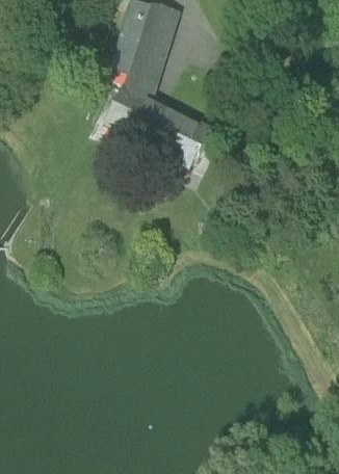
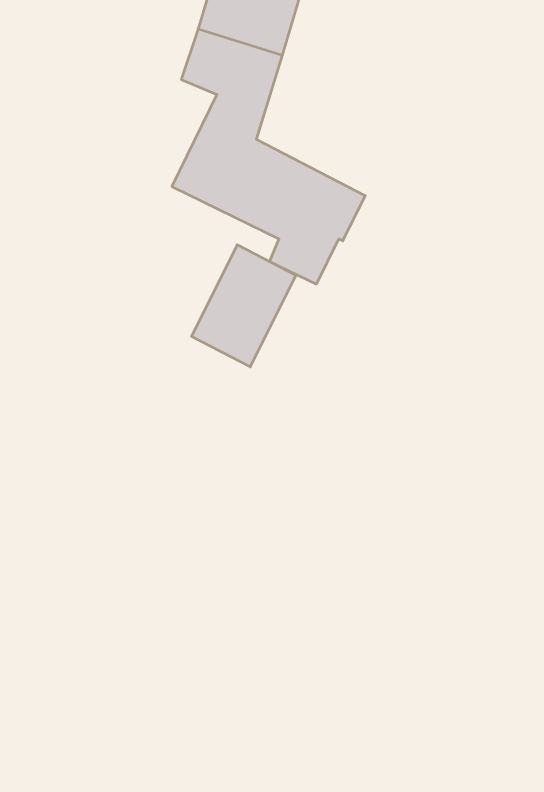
building: none -> [192,245,296,367]

